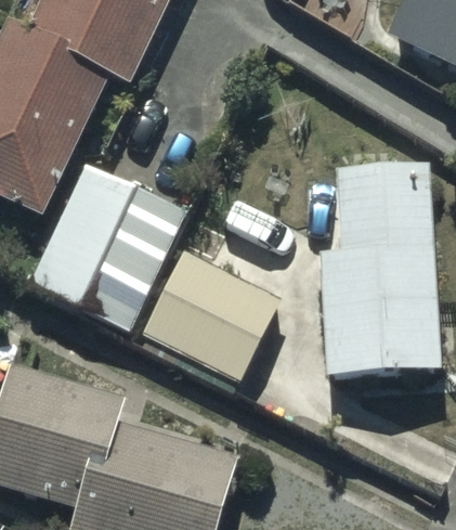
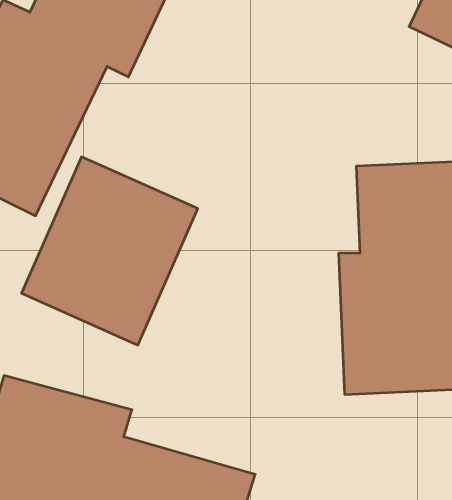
building: [139,245,284,385] -> none

